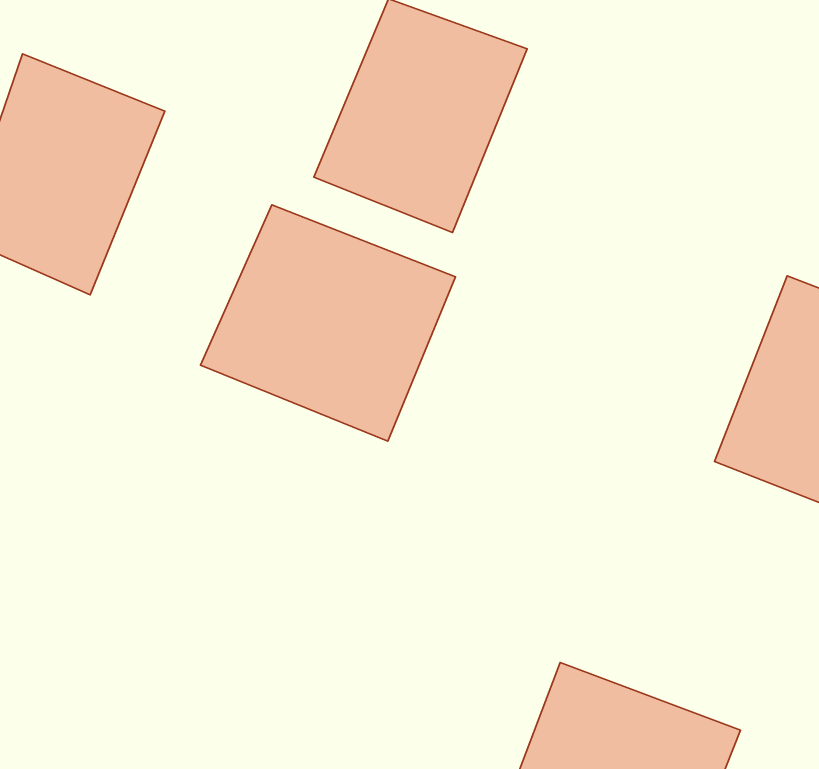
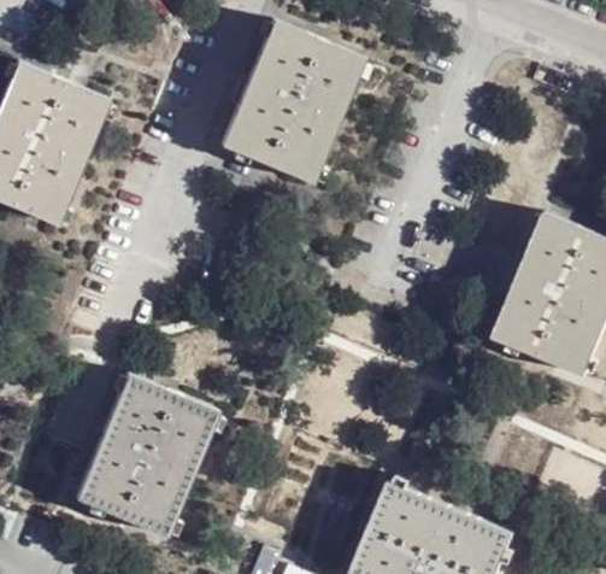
building: [200,205,455,441] -> none
building: none -> [82,374,224,534]

